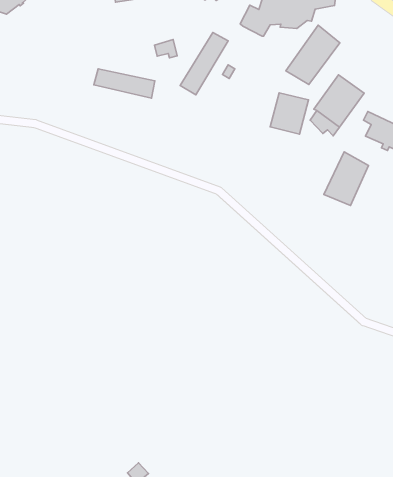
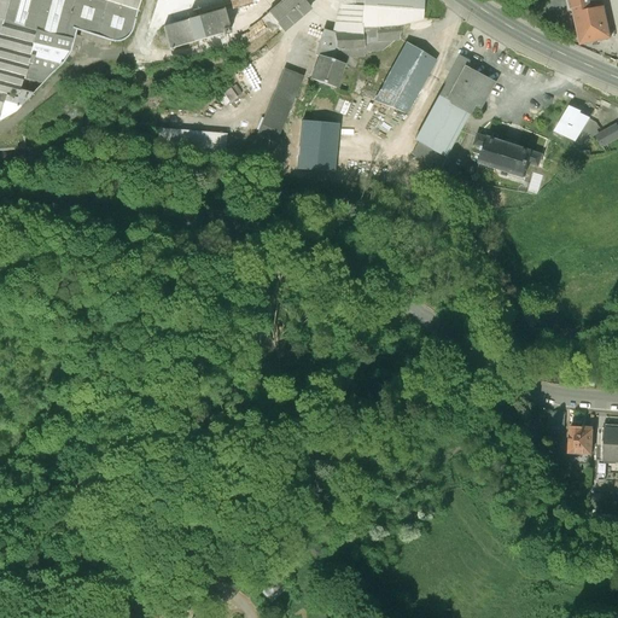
building: none -> [311,54,344,86]
building: none -> [438,54,492,112]
building: [270,93,308,134] -> [299,119,339,164]
building: [324,152,368,205] -> none

